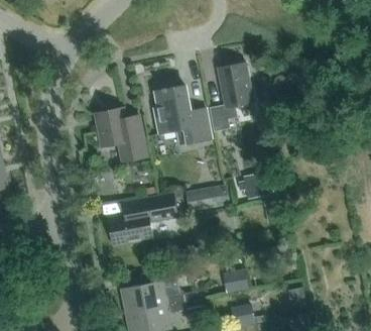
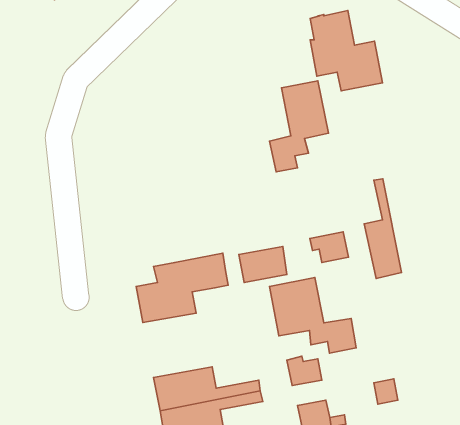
building: [156,85,211,145] -> [310,11,382,91]
building: [97,107,147,161] -> none
building: none -> [364,179,401,278]
building: none -> [270,277,356,353]

